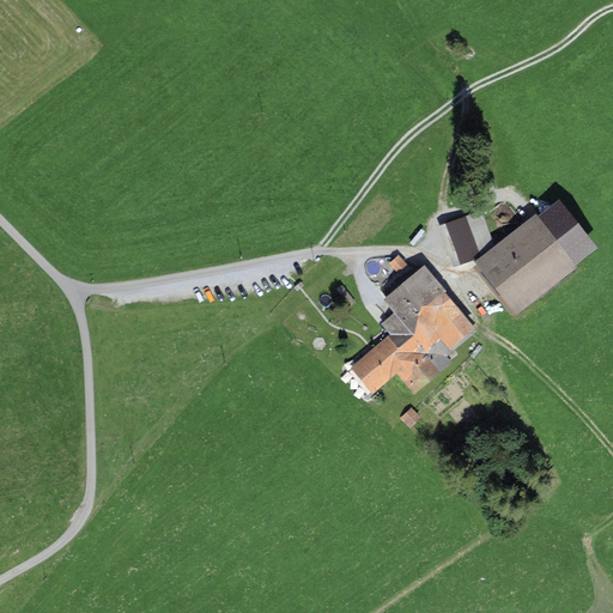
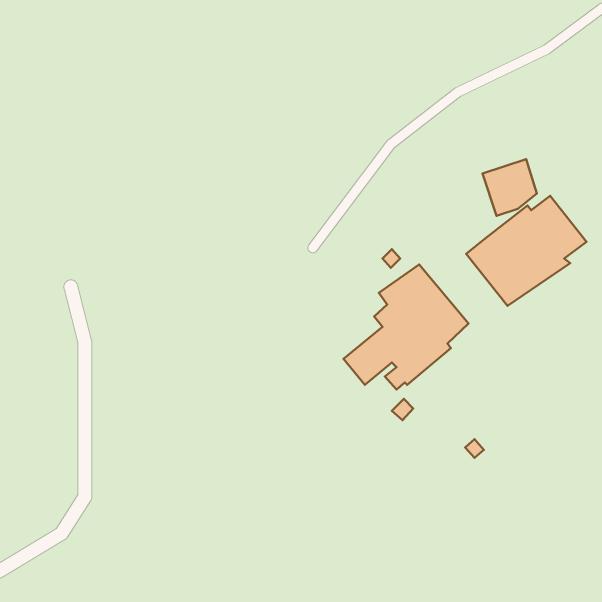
building: [437,208,492,266] -> [482,159,537,216]

